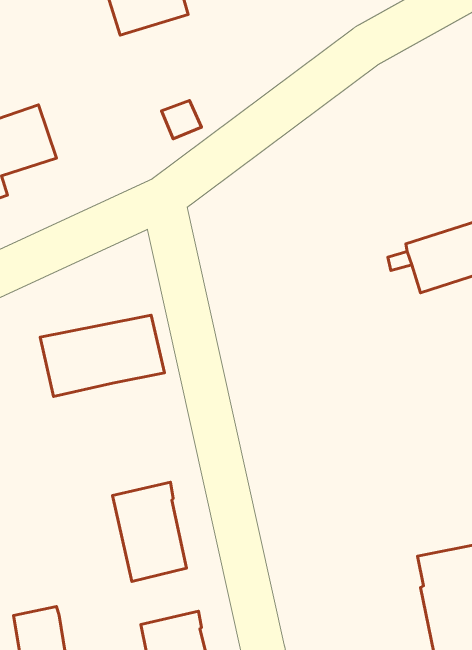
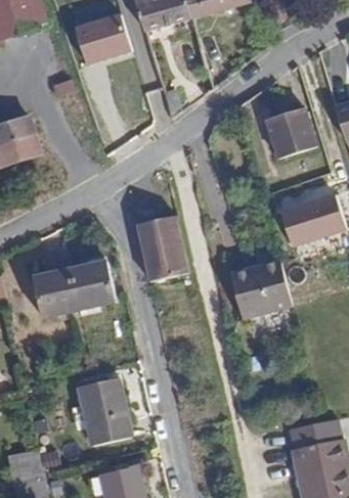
building: none -> [267,108,316,156]
building: none -> [137,215,188,280]
building: none -> [230,259,292,317]

